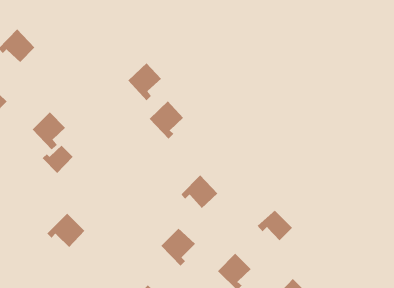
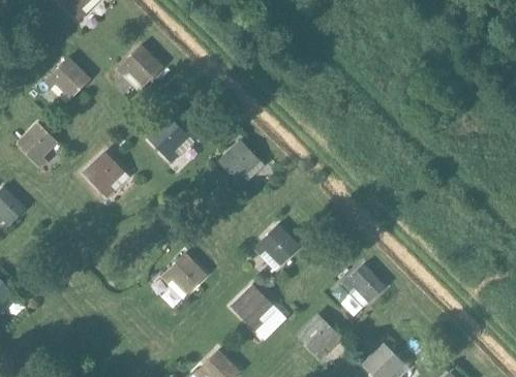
building: none -> [118,45,162,85]
building: [128,62,162,101] -> [149,118,188,162]
building: [42,145,74,174] -> none
building: [47,213,85,248] -> [161,254,206,294]

